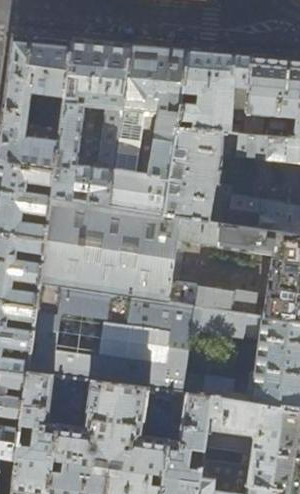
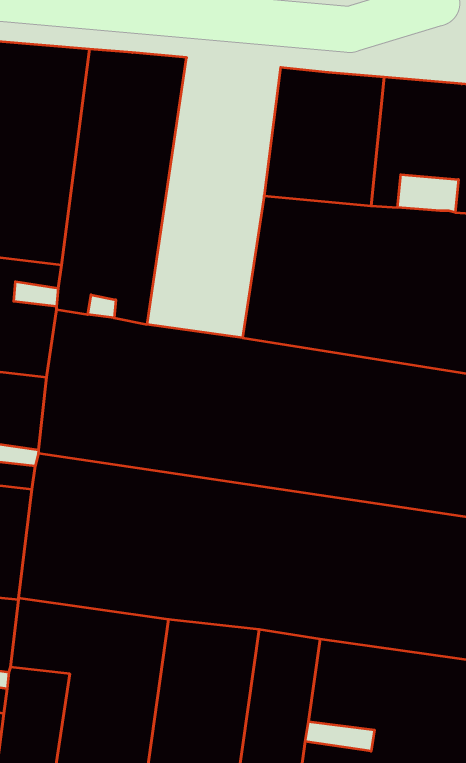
building: [104,45,185,215] -> none

